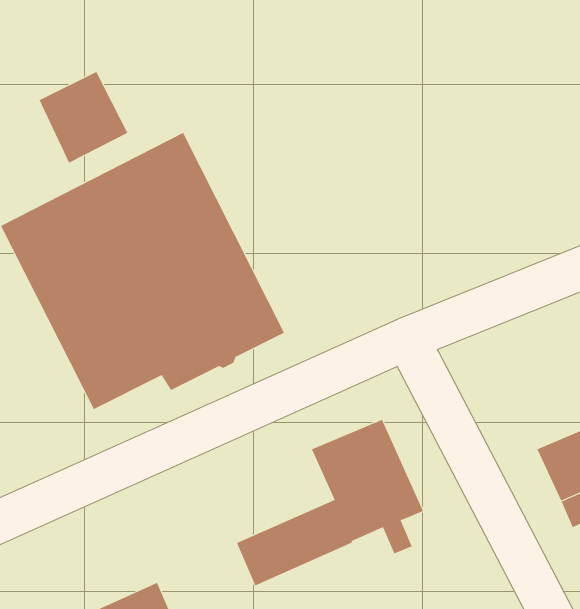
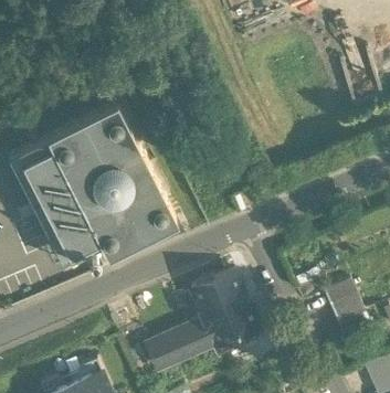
building: [39,71,128,164] -> none

